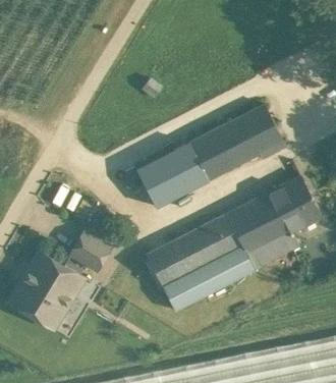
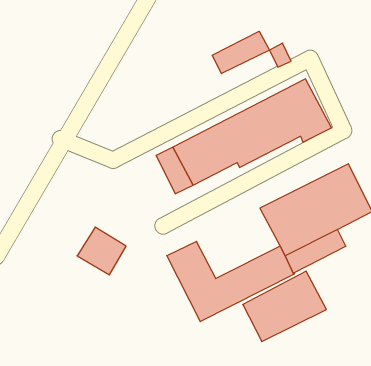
building: none -> [212,31,270,74]
building: [172,215,243,275] -> [243,271,326,342]
building: [9,252,83,329] -> none

